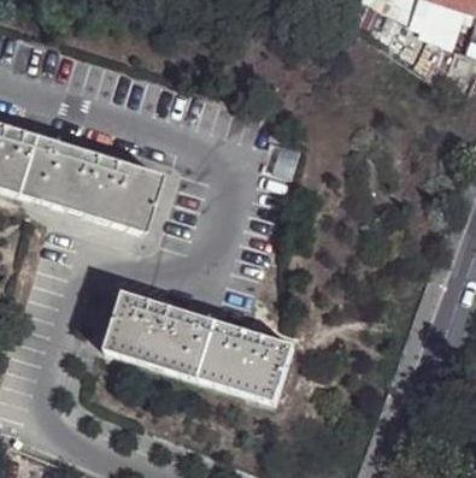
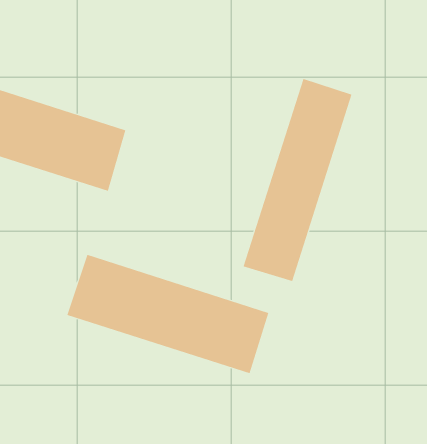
building: none -> [243,78,352,282]

